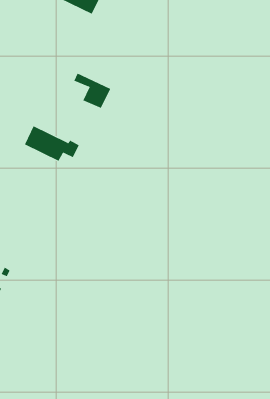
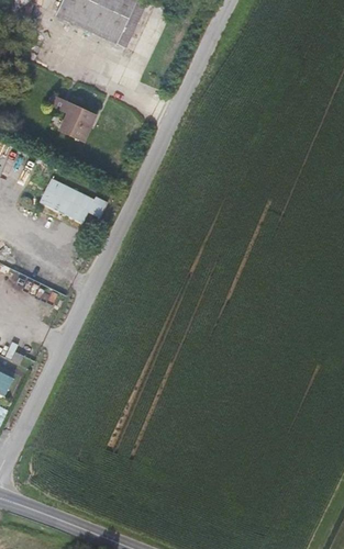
building: [74,73,111,108] -> [48,96,95,139]

